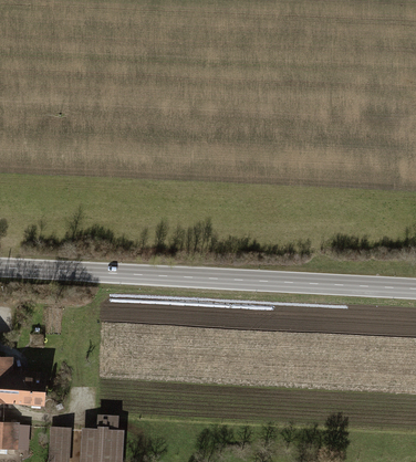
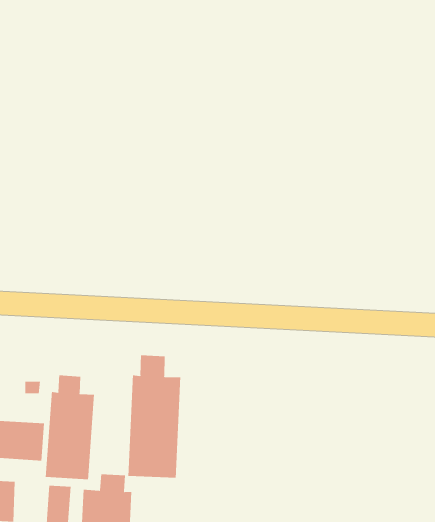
building: none -> [128,355,181,479]
building: none -> [45,375,95,480]

